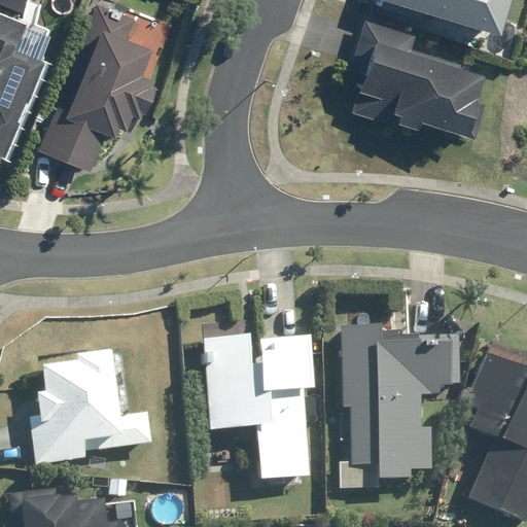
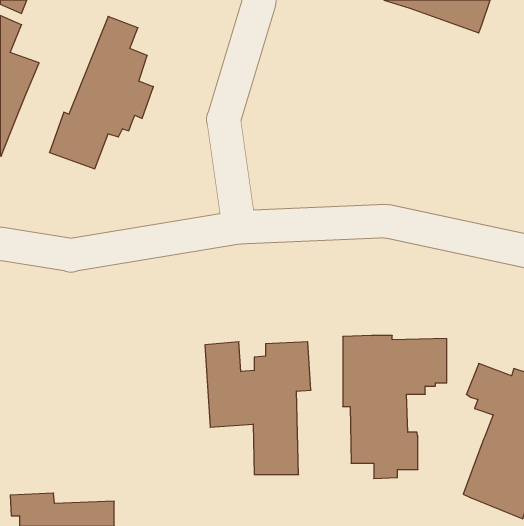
building: [343,21,484,133] -> none
building: [32,350,151,467] -> none

